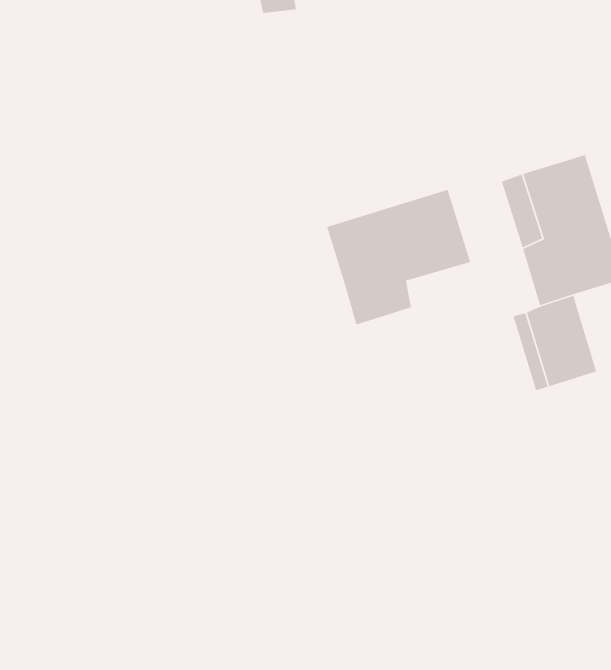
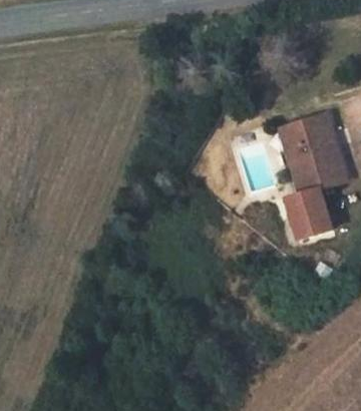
building: [326,189,471,326] -> none

